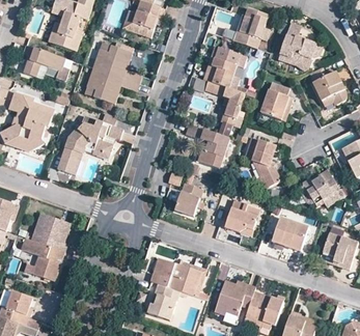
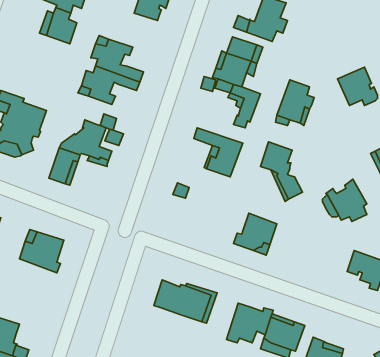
building: [277,22,322,64] -> none
building: [23,45,65,76] -> none
building: [175,185,202,219] -> none
building: [271,217,307,247] -> none
building: [22,239,64,282] -> none
building: [147,284,176,319] -> none

